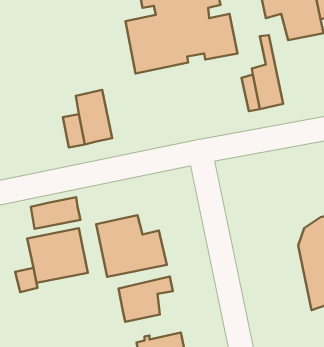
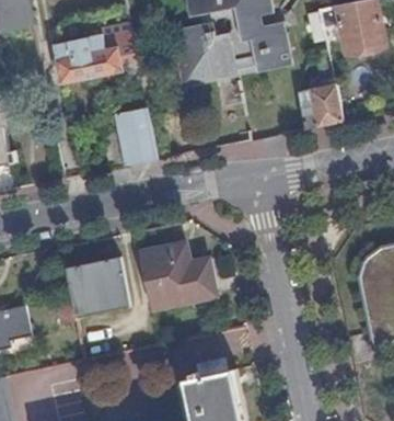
building: none -> [53,21,138,83]
building: [31,197,80,229] -> none
building: [118,277,173,322] -> none

